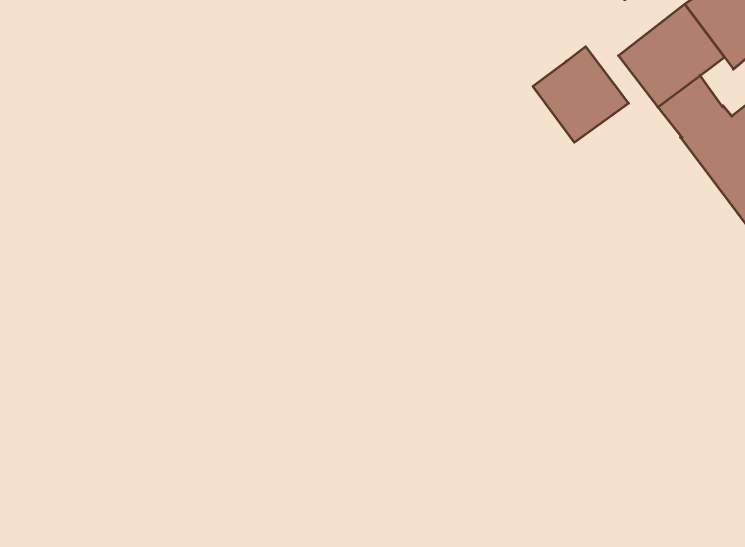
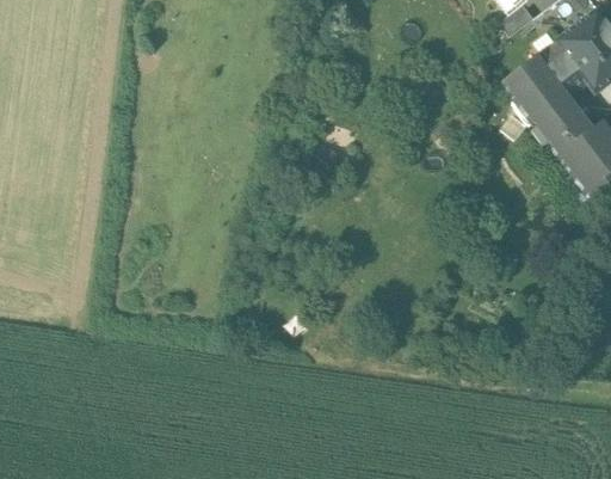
building: [533,47,629,142] -> none

